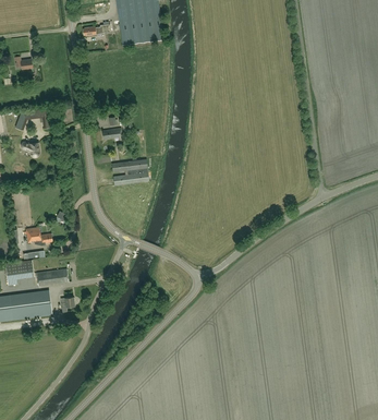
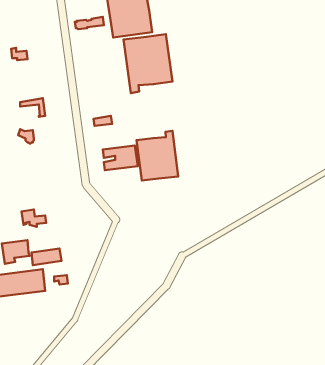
building: none -> [123,34,173,93]
building: none -> [137,131,178,181]

